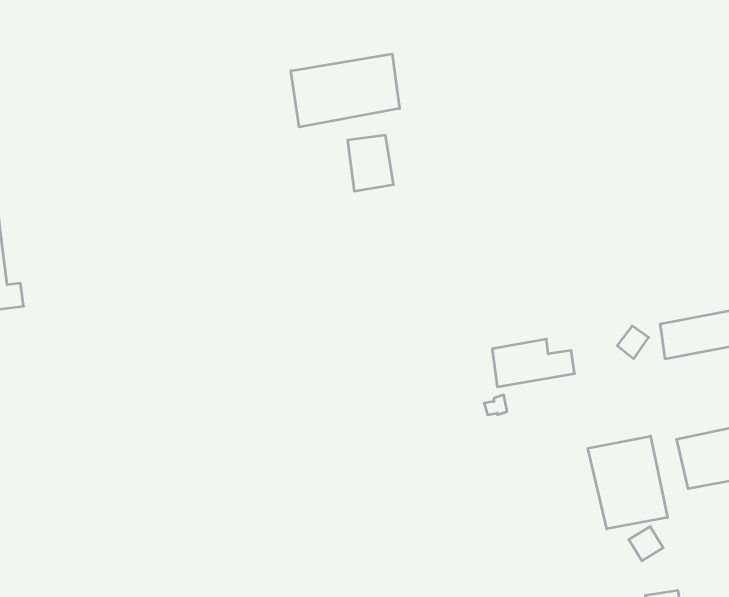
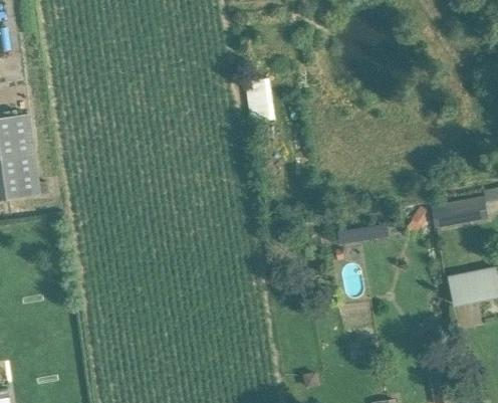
building: [291,54,400,127] -> none
building: [588,436,667,529] -> none

